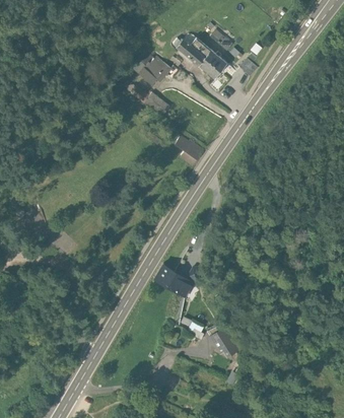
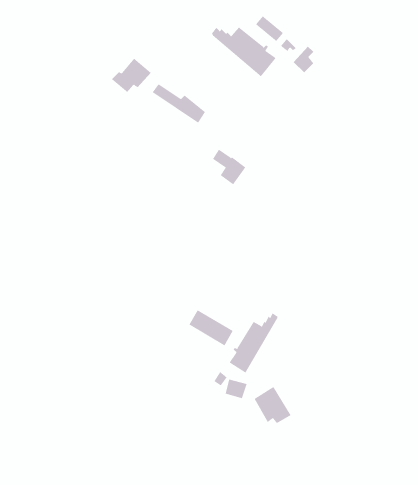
building: [138,57,170,85] -> [111,58,151,93]
building: none -> [229,313,278,373]

